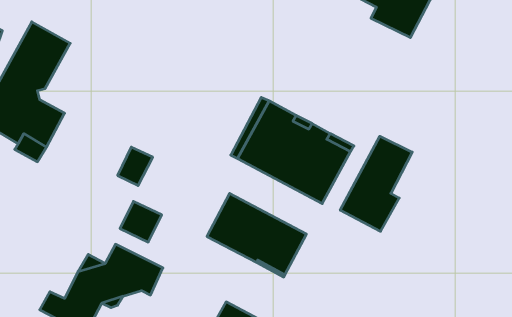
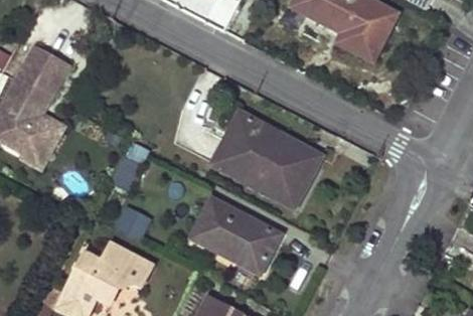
building: [340,136,412,231] -> none

